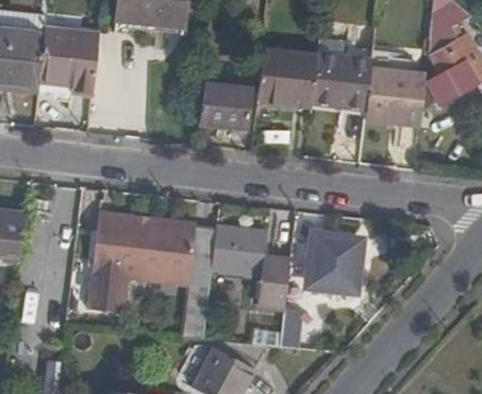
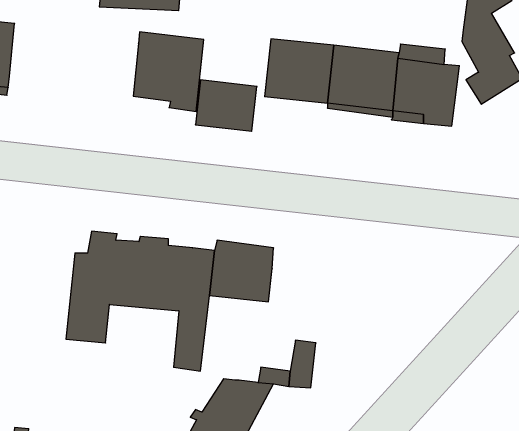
building: [41,26,101,94] -> [133,32,204,111]
building: [310,235,359,289] -> none
building: [261,245,291,294] -> none

